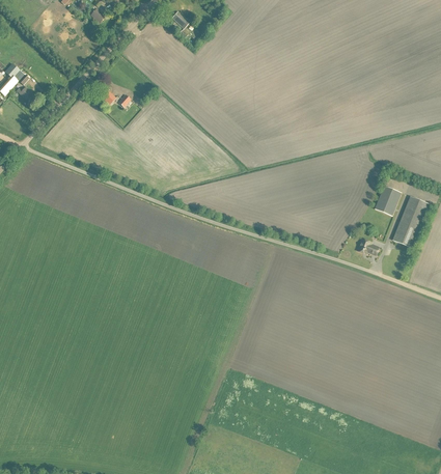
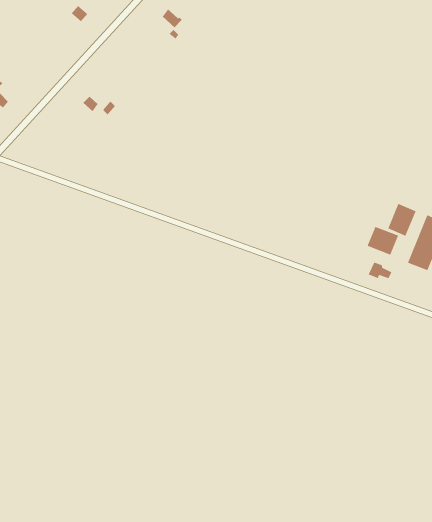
building: none -> [367,226,399,255]

